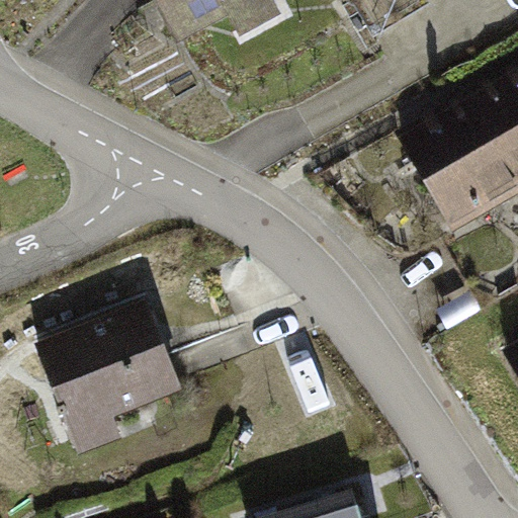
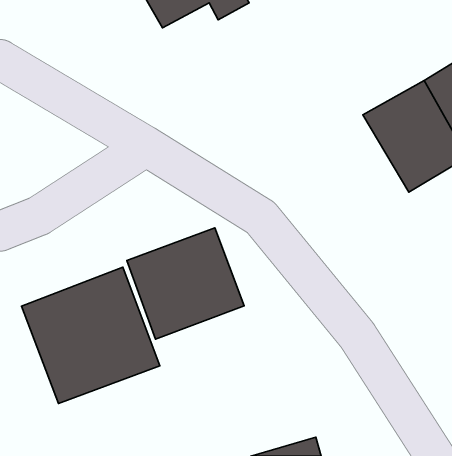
building: none -> [127,228,244,339]

